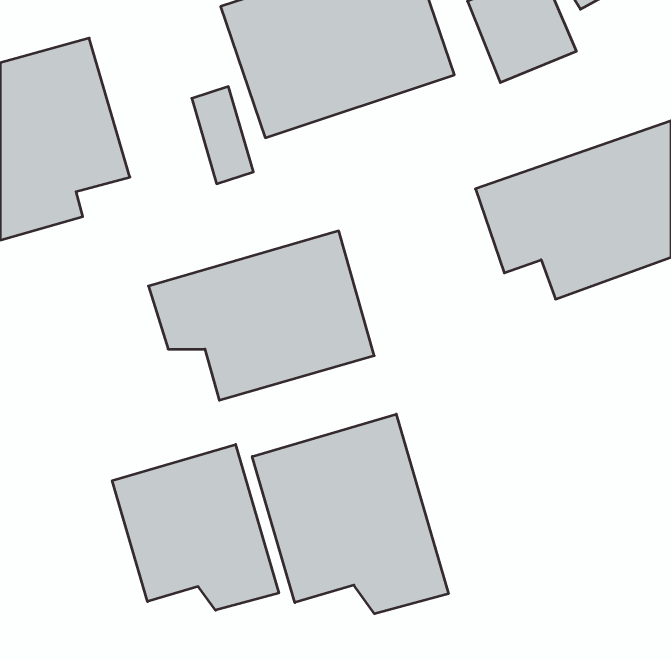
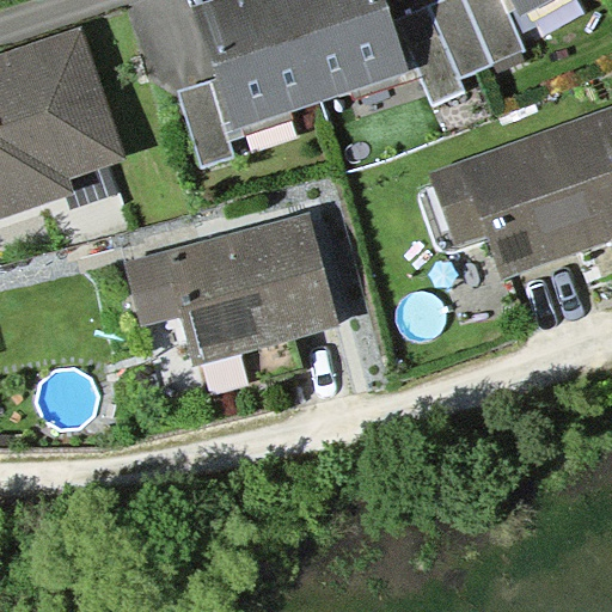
building: [252,414,448,614] -> none
building: [112,444,279,610] -> none

